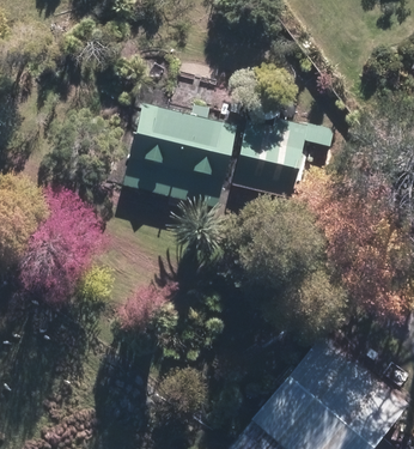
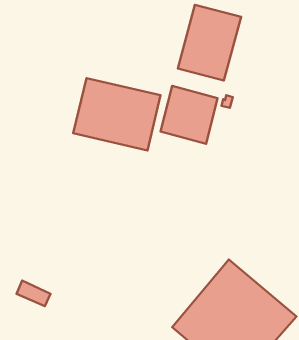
building: none -> [178,5,241,81]

